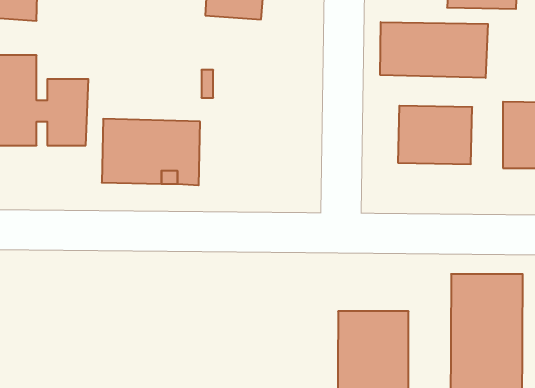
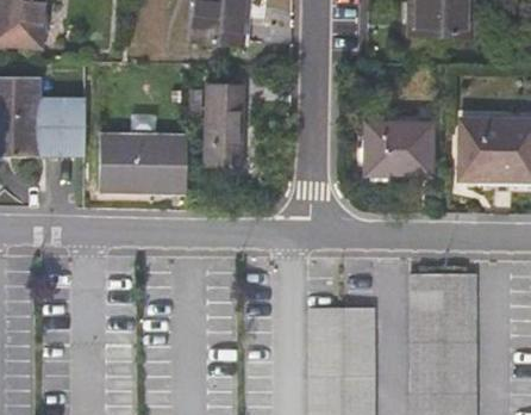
building: [380,22,488,78] -> none
building: none -> [204,83,243,169]

